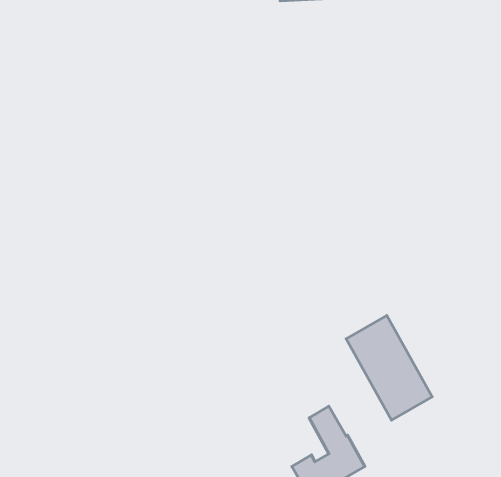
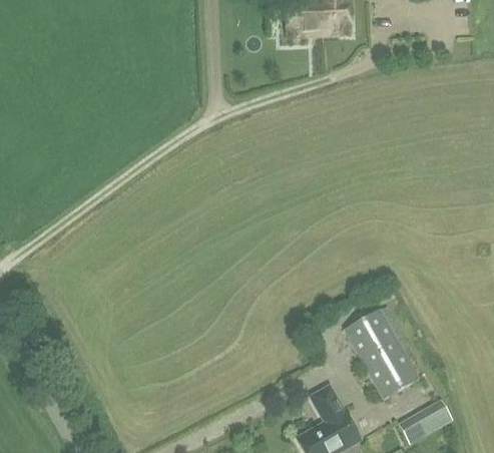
building: none -> [399,399,451,441]

